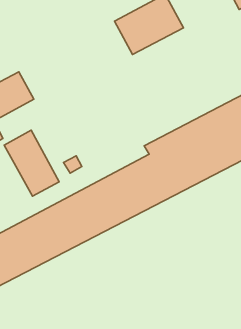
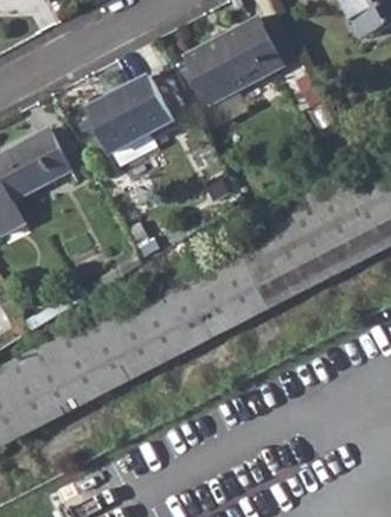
building: none -> [90,77,175,155]
building: [4,130,59,196] -> none

